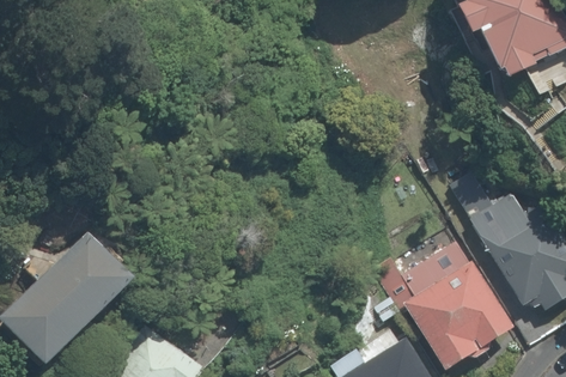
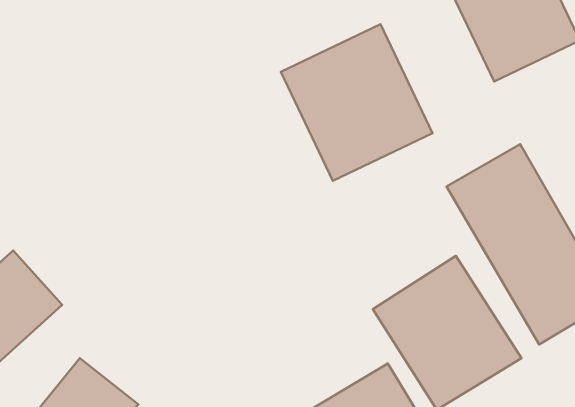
building: none -> [281,24,432,181]

